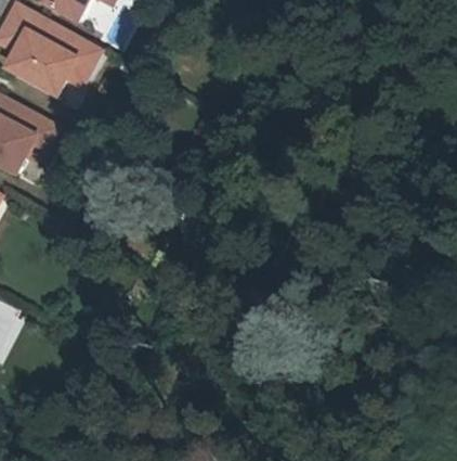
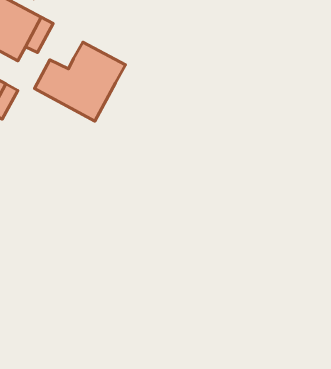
building: none -> [34,42,125,121]

